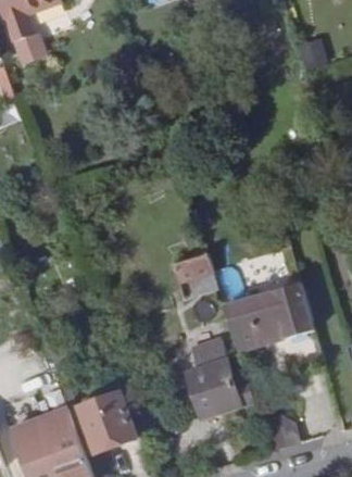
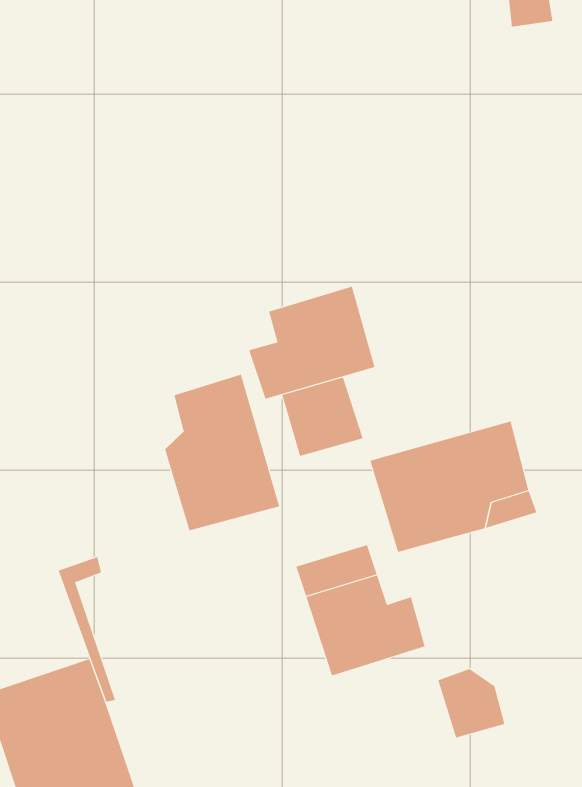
building: none -> [249,286,375,399]
building: none -> [165,374,280,531]
building: [83,394,137,453] -> none

